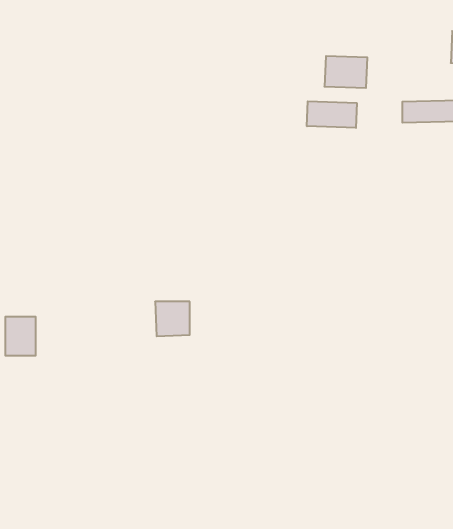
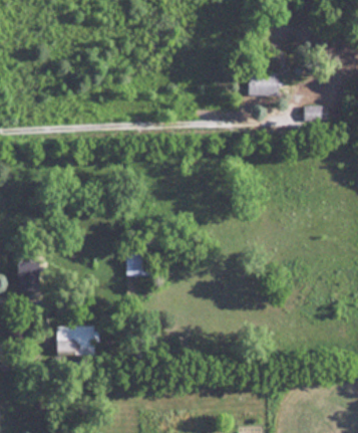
building: [307,101,357,128] -> none
building: none -> [56,327,97,357]

